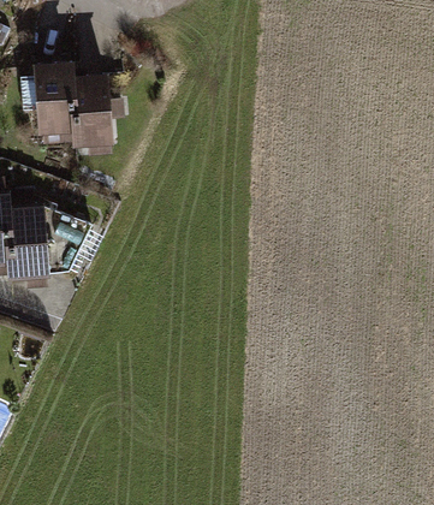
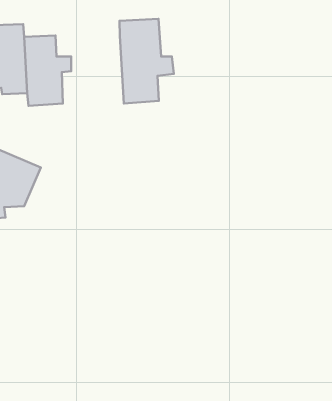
building: none -> [120,19,174,104]

